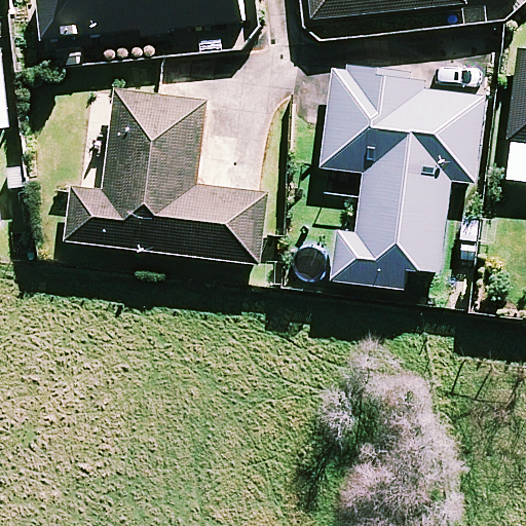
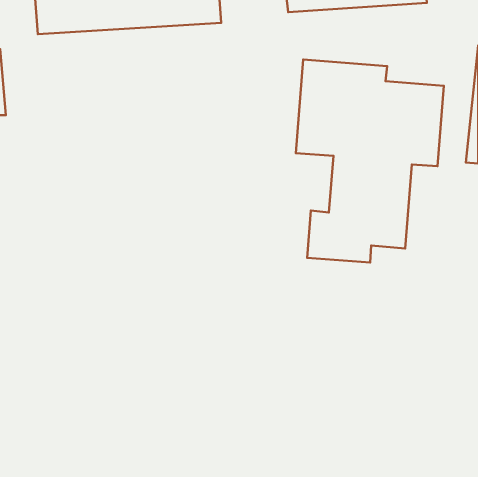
building: [66,90,265,262] -> none

